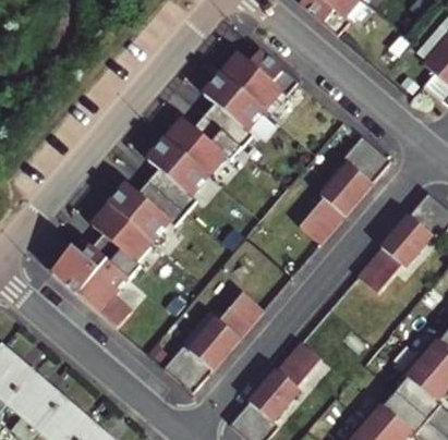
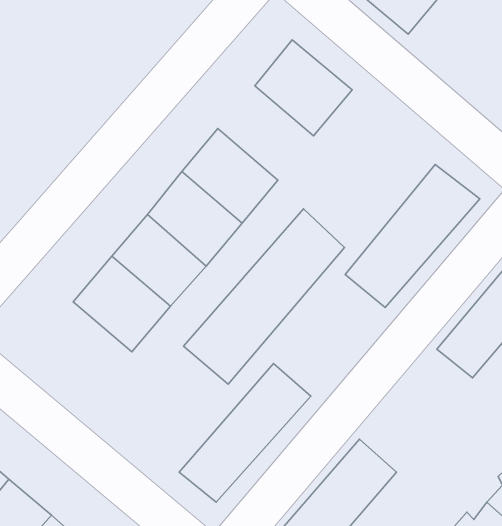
building: [192,73,265,145] -> none
building: none -> [184,209,344,384]
building: [52,237,126,309] -> none

